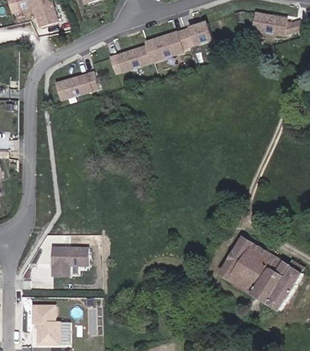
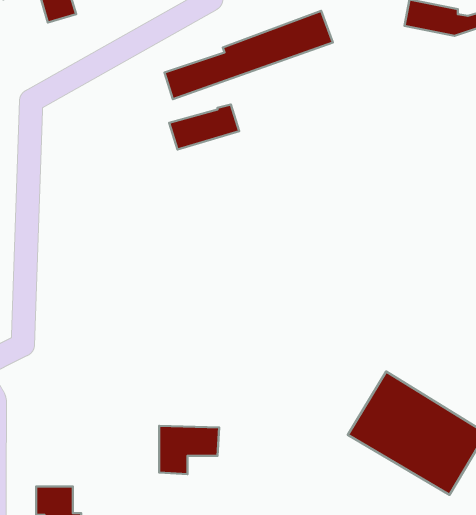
building: [57,72,99,99] -> [169,104,239,149]
building: [52,247,88,276] -> [159,426,219,474]

